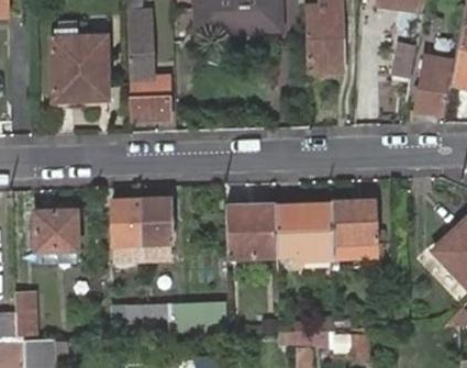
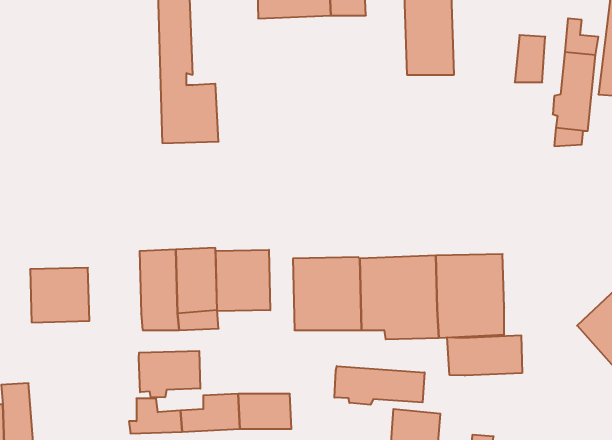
building: [51,35,109,99] -> none
building: none -> [216,250,270,311]
building: none -> [447,335,522,376]
building: none -> [139,351,200,397]
building: none -> [334,366,425,405]

